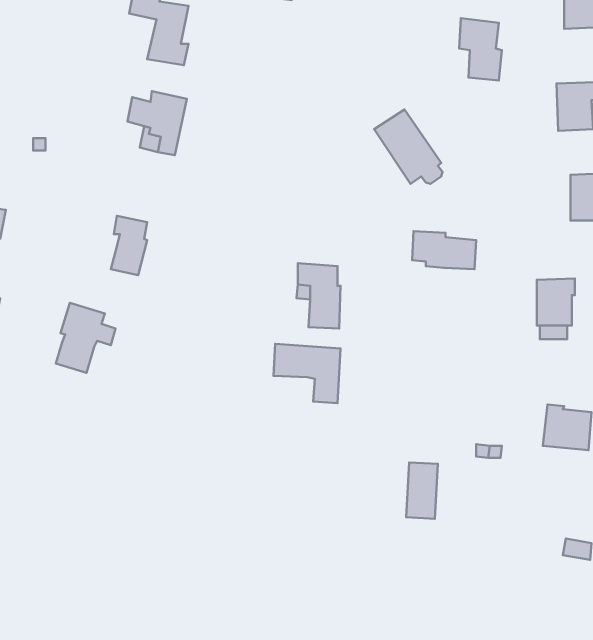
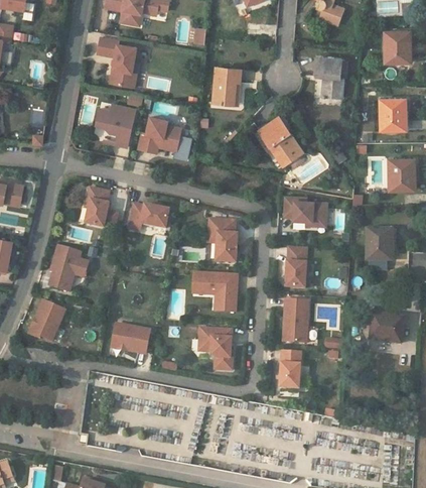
building: none -> [212,68,241,104]
building: none -> [138,117,180,153]
building: none -> [129,205,169,231]
building: none -> [285,248,305,288]
building: none -> [284,299,308,343]
building: none -> [28,300,65,341]
building: none -> [111,324,150,354]
building: none -> [198,328,232,370]

